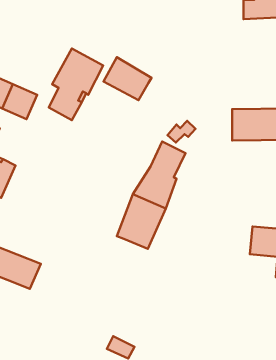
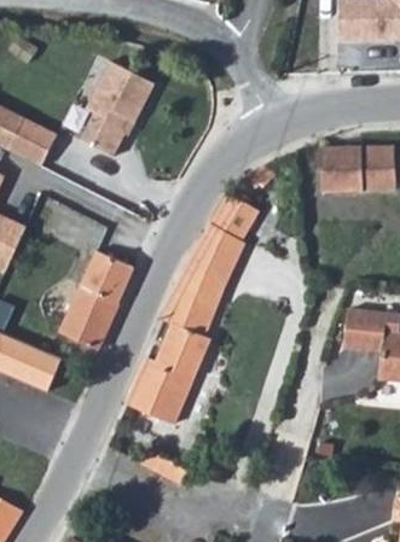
building: [103,57,152,100] -> none
building: none -> [58,252,129,351]
building: none -> [128,325,210,425]

